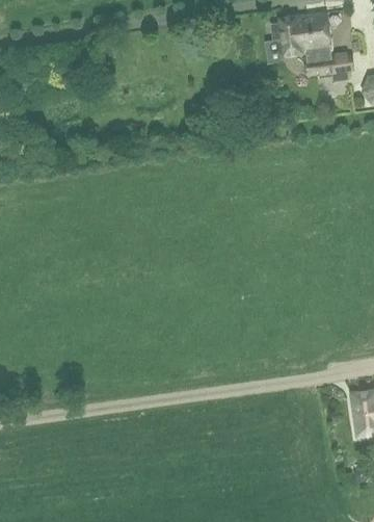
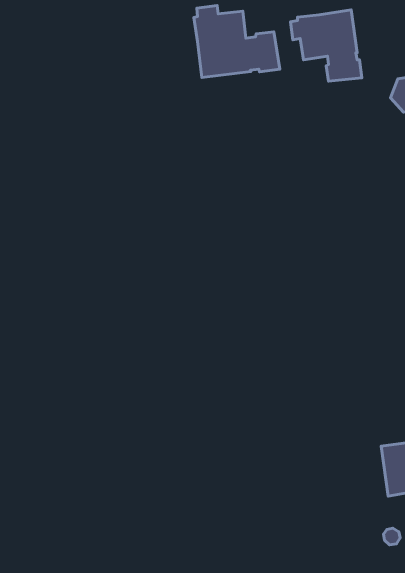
building: none -> [194,6,280,78]

